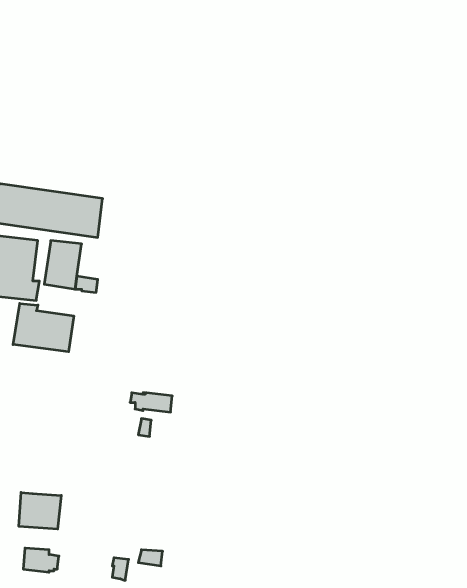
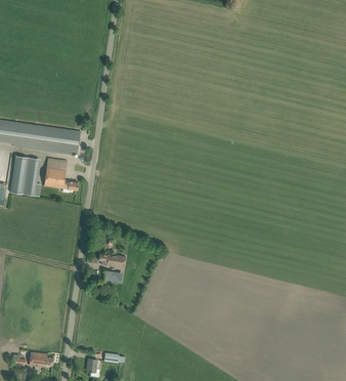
building: [13,303,74,352] -> none
building: [19,492,61,529] -> none

